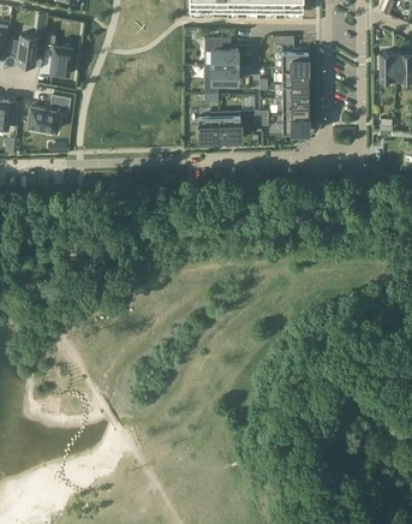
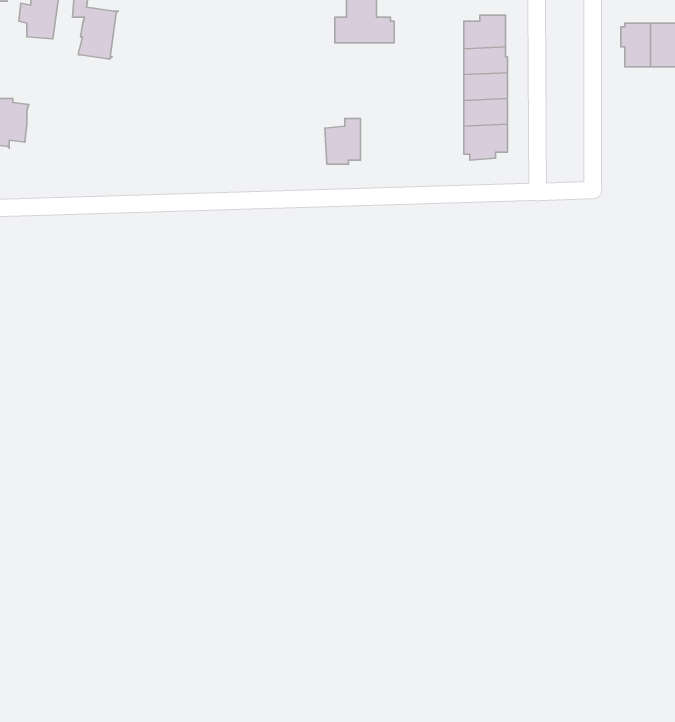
building: [204,66,238,91] -> none
building: [28,95,71,131] -> none
building: [220,112,241,138] -> none

